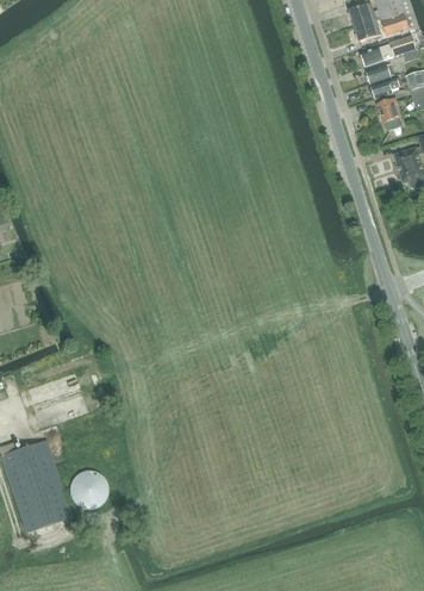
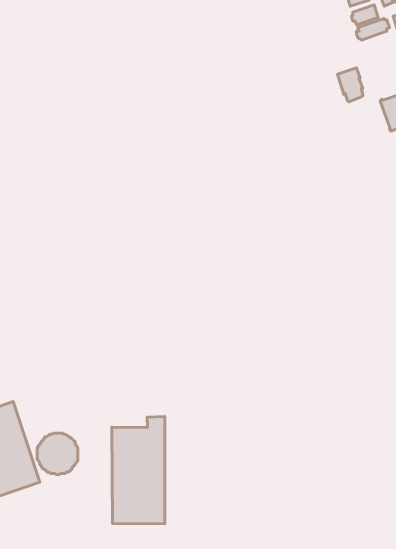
building: [378,98,401,130] -> [337,68,363,102]
building: none -> [112,417,165,524]

